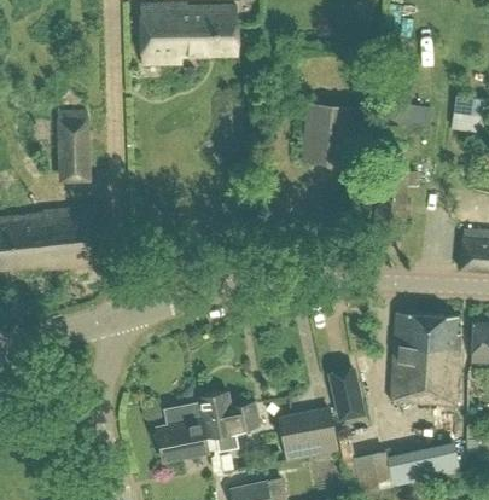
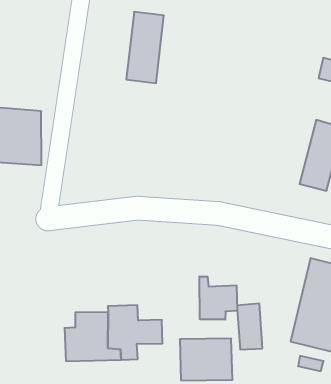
building: [301,104,356,165] -> none
building: [56,109,91,181] -> [126,12,164,83]
building: none -> [199,276,237,320]

